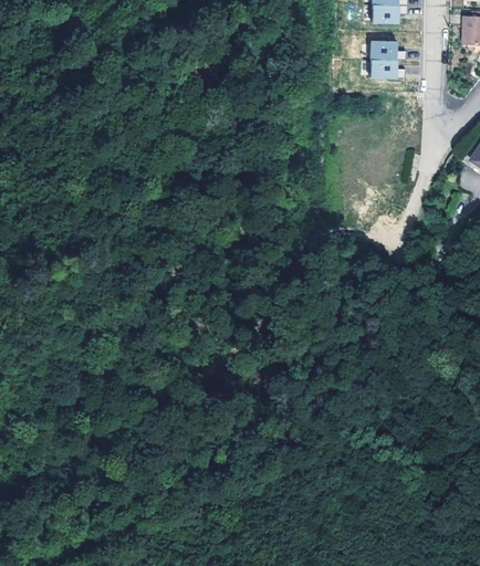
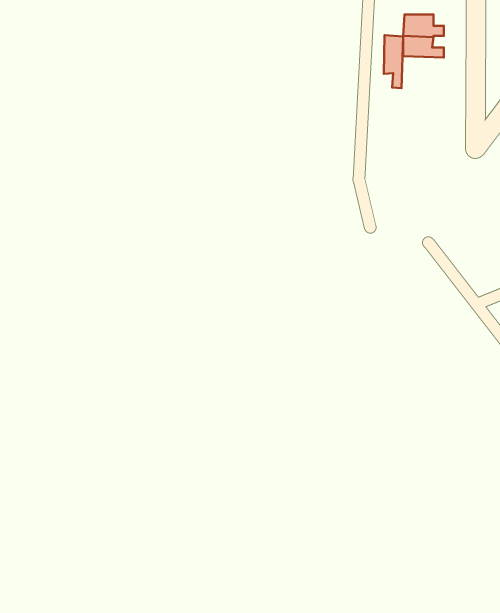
building: none -> [384,35,403,88]

